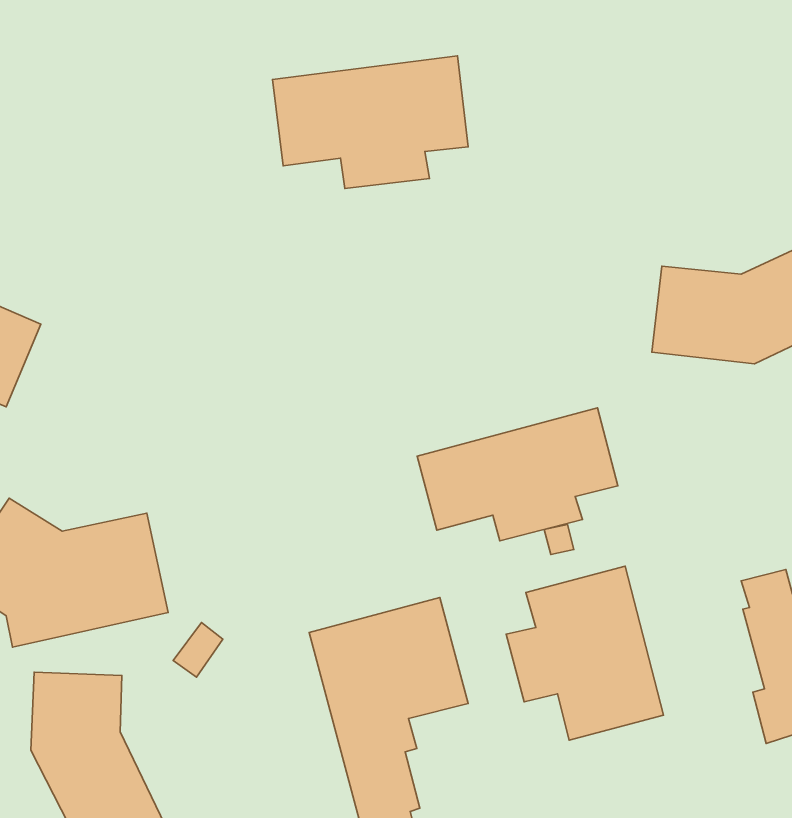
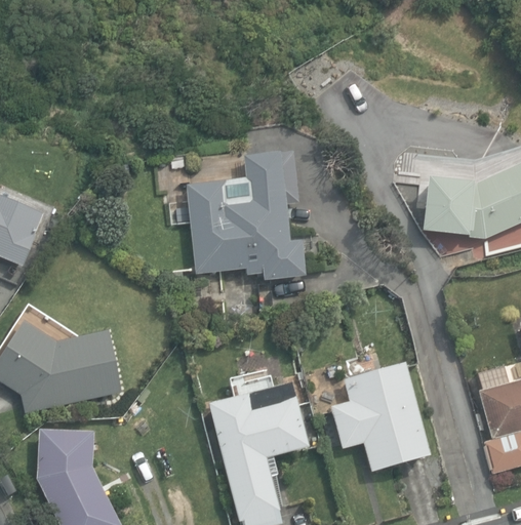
building: [272,56,468,188] -> none
building: none -> [185,153,306,279]
building: [417,408,618,541] -> none

